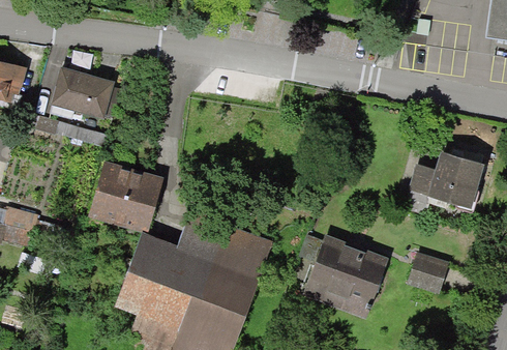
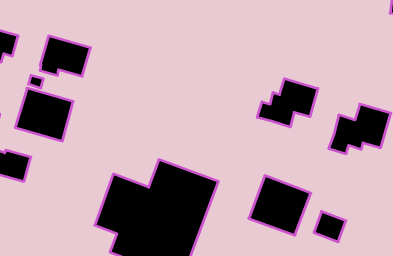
building: none -> [257,79,318,127]
building: [89,165,160,230] -> [15,88,73,141]
building: [408,255,447,292] -> [314,211,346,242]

